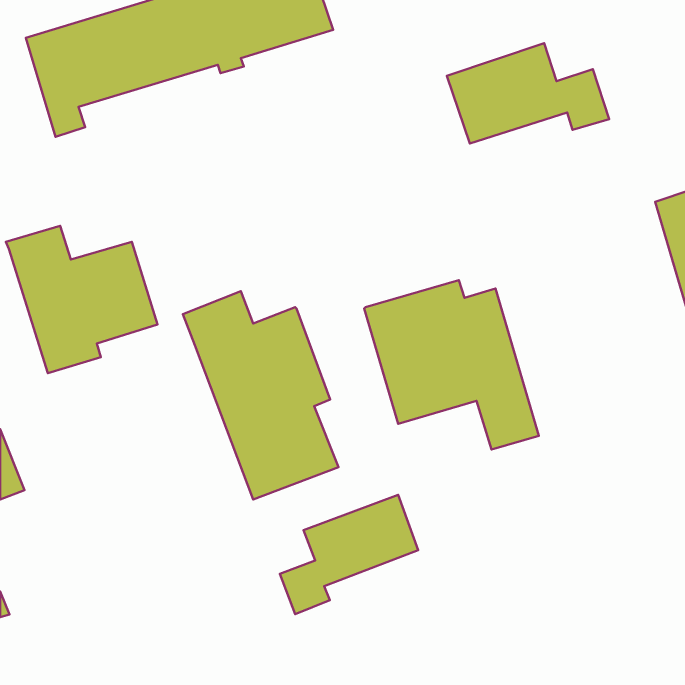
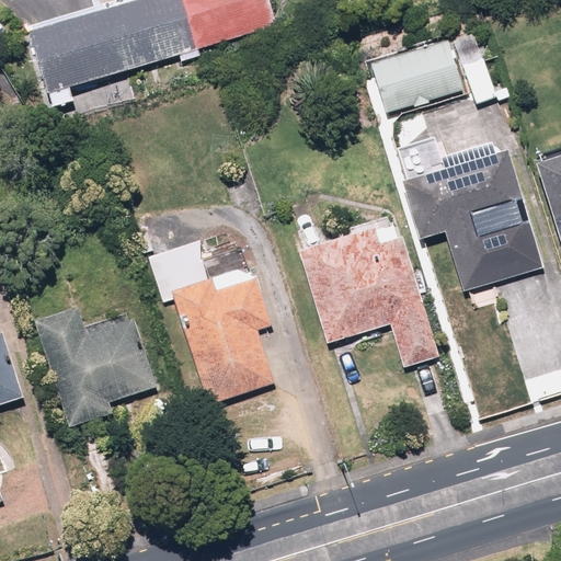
building: none -> [400,135,545,290]
building: [6,226,158,373] -> [33,306,156,425]
building: [280,495,418,614] -> none

